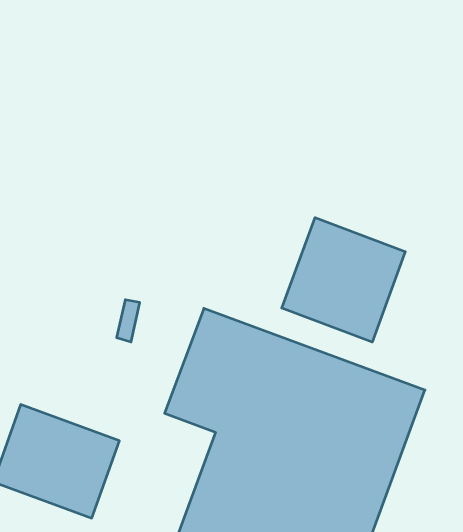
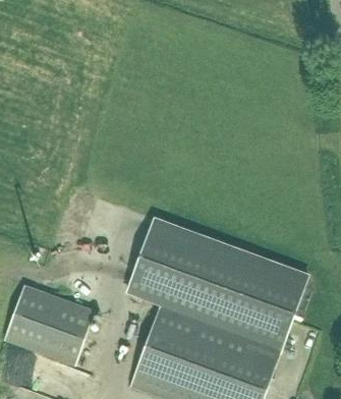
building: [282,218,405,342] -> none

